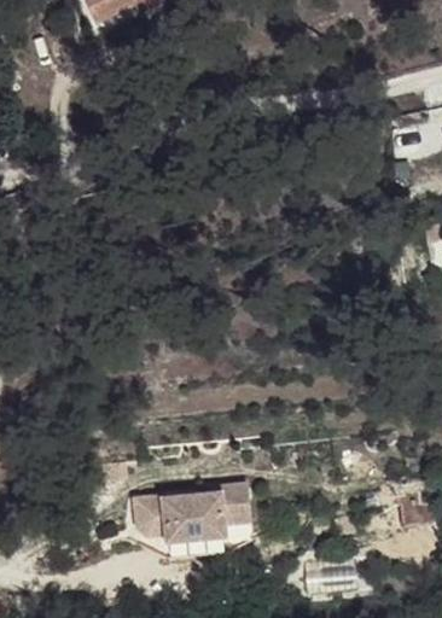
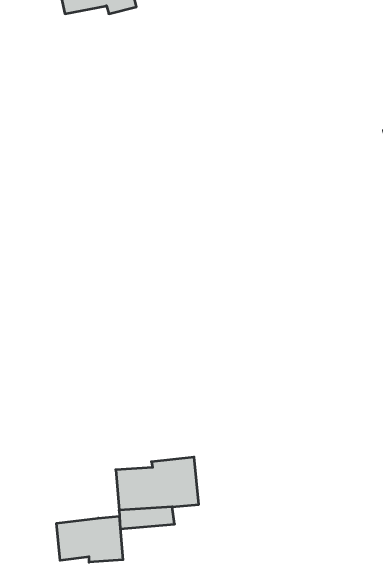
building: none -> [57,516,123,562]

